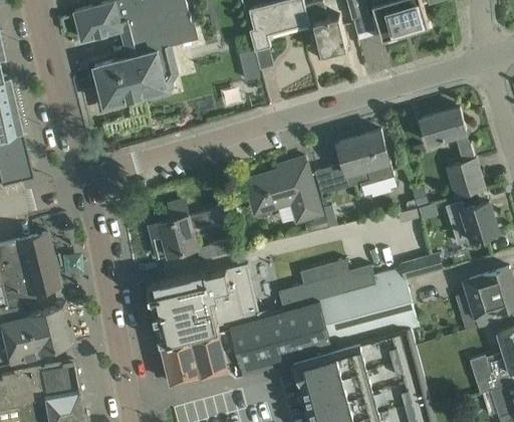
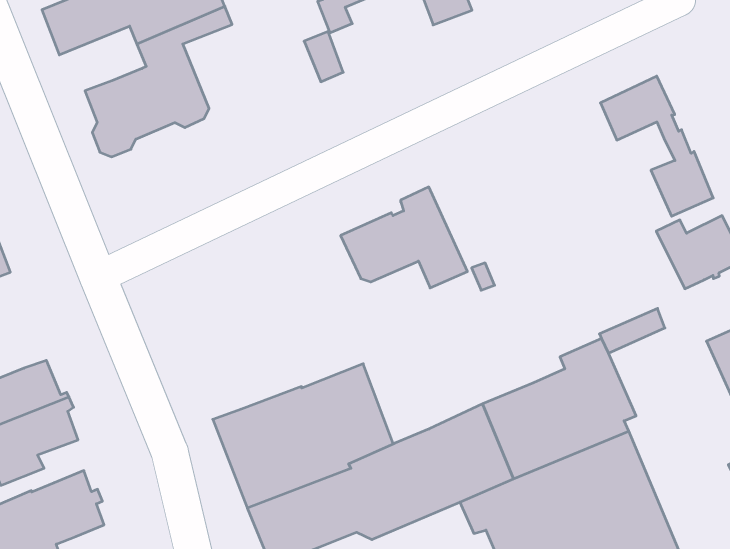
building: [314,131,394,196] -> none
building: [151,202,236,261] -> none
building: [278,259,353,311] -> none

